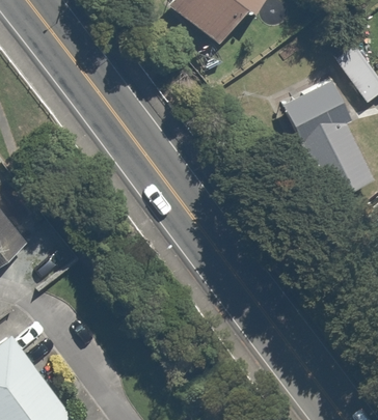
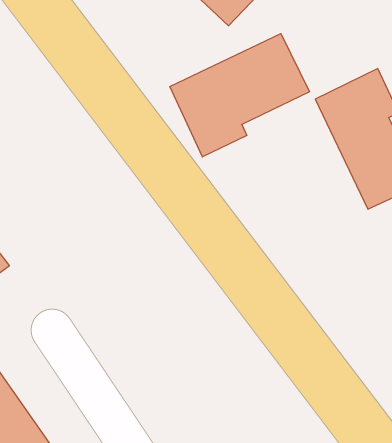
building: none -> [170,34,309,157]

